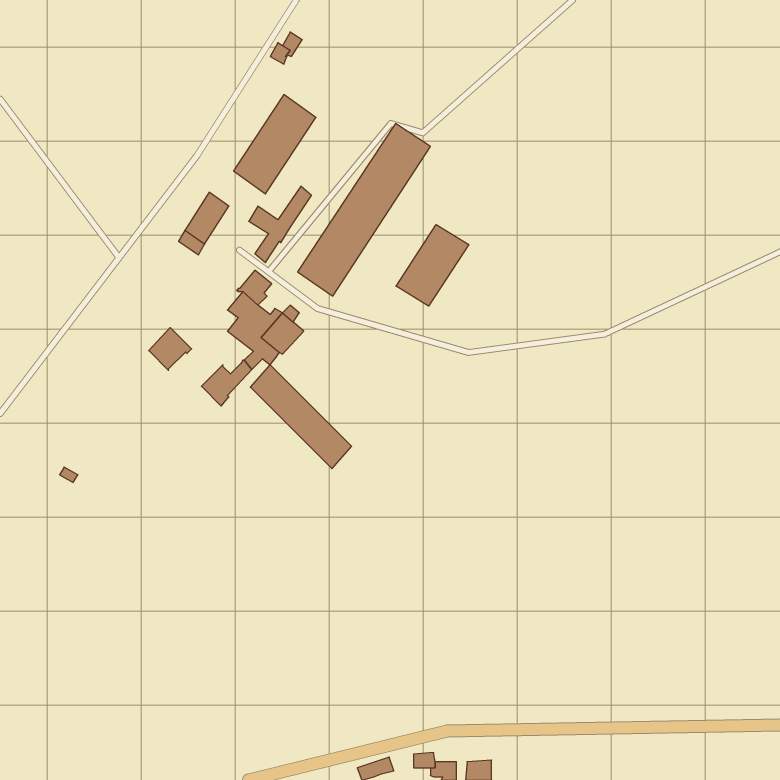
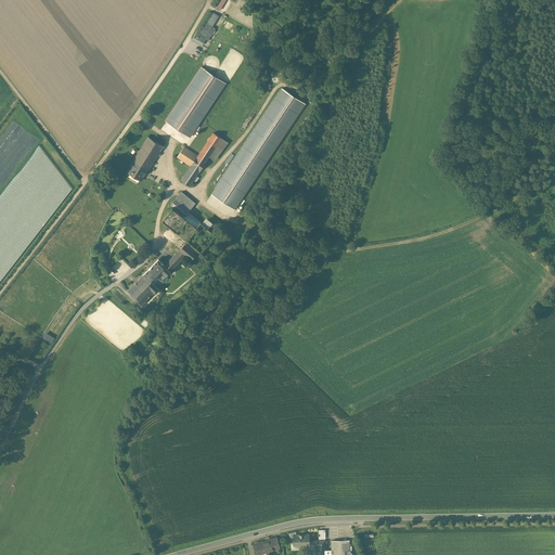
building: [396,225,469,306] -> none
building: [149,328,192,370] -> [128,274,158,305]
building: [250,365,352,469] -> none

